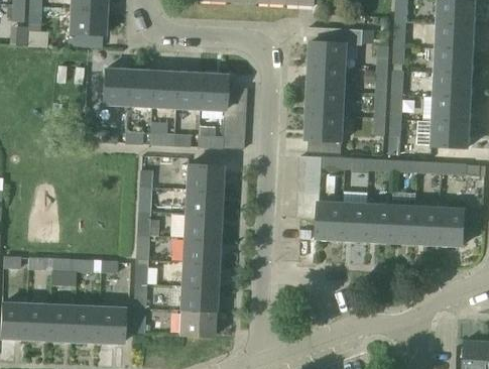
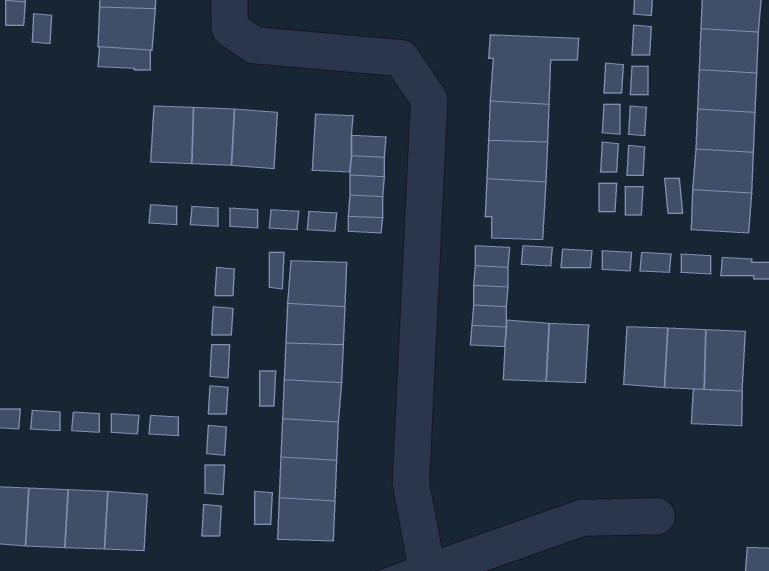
building: [176,75,202,110] -> none
building: [367,205,392,241] -> none
building: none -> [692,389,742,426]
building: [97,309,123,344] -> none

